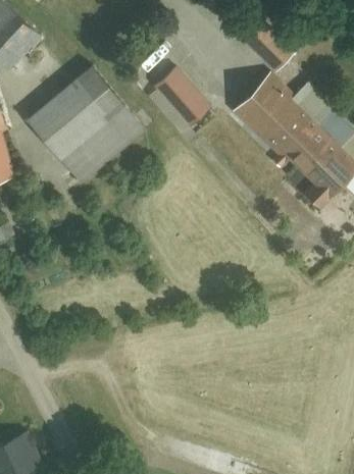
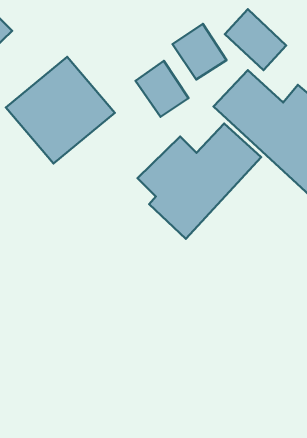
building: none -> [172,24,227,80]
building: none -> [137,123,261,239]

